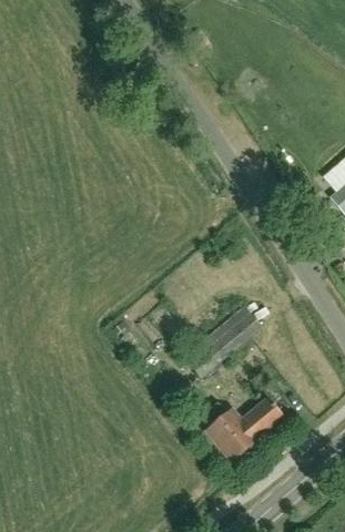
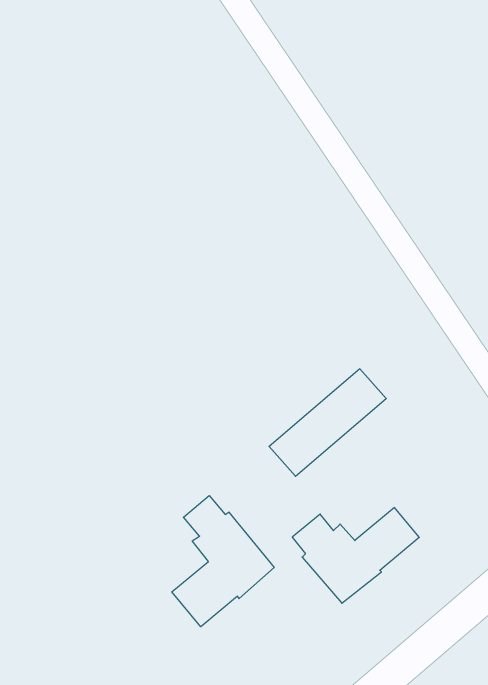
building: none -> [172,496,274,627]

